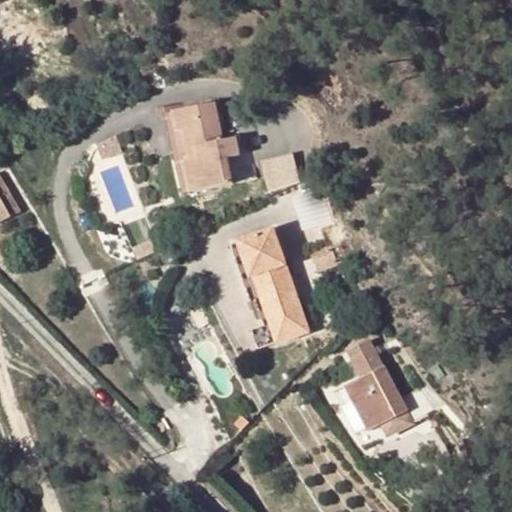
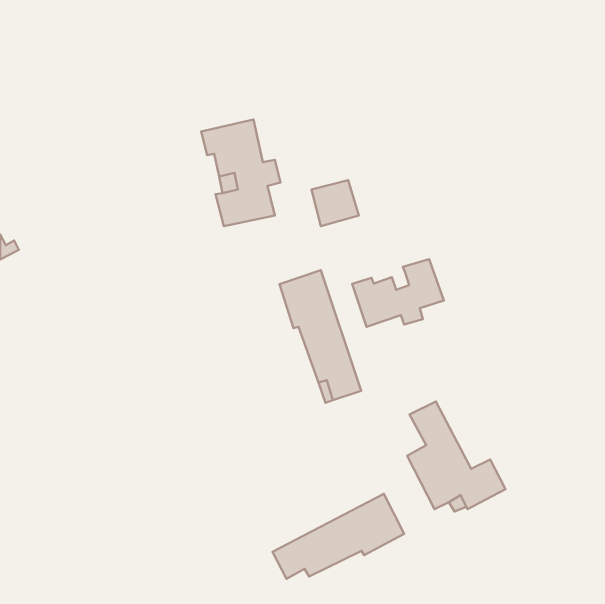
building: none -> [352,259,444,327]
building: none -> [273,494,404,579]

